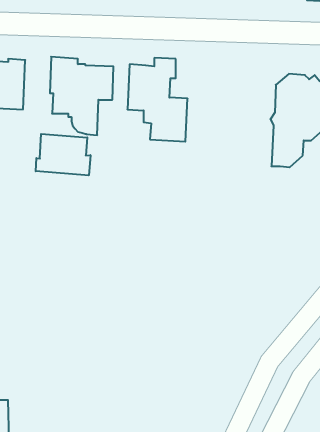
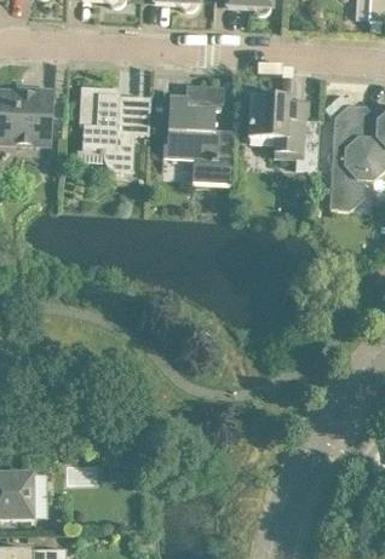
building: none -> [247,93,318,171]
building: [36,134,90,175] -> none

